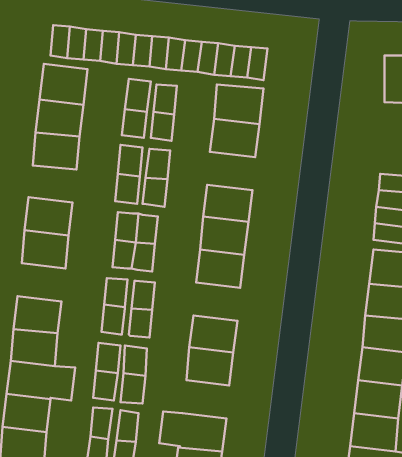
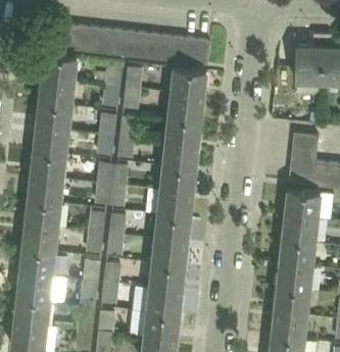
building: none -> [165,118,201,147]
building: none -> [33,129,68,156]
building: none -> [25,201,60,230]
building: none -> [155,215,190,244]
building: none -> [133,287,182,316]

